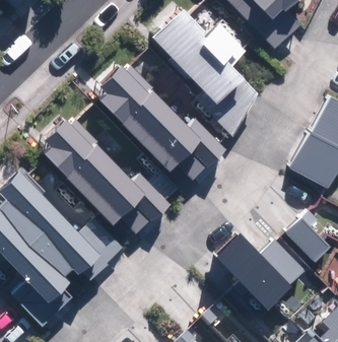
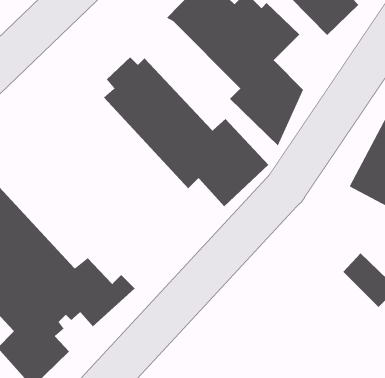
building: [42,117,170,243] -> none
building: [213,227,305,305] -> none

